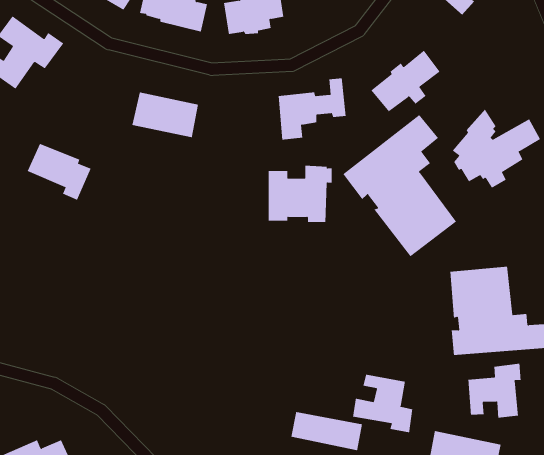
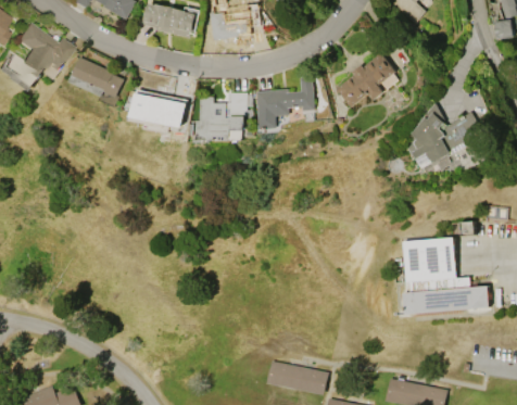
building: [342,114,457,257] -> none
building: [27,143,92,200] -> [70,58,125,106]
building: [268,165,333,223] -> [197,92,252,141]
building: [468,363,521,419] -> none
building: [353,374,413,433] -> none

